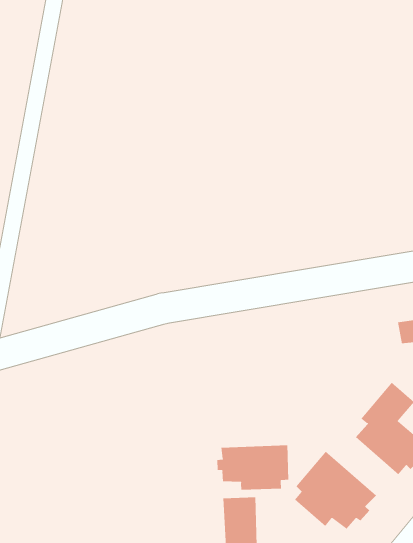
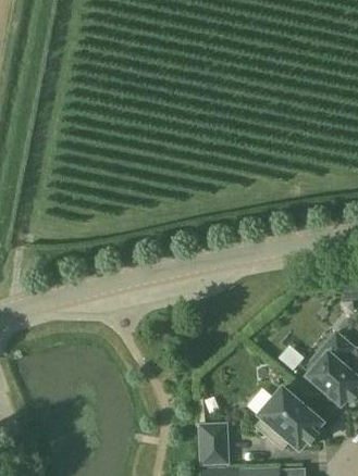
building: [217,444,289,491] -> none

